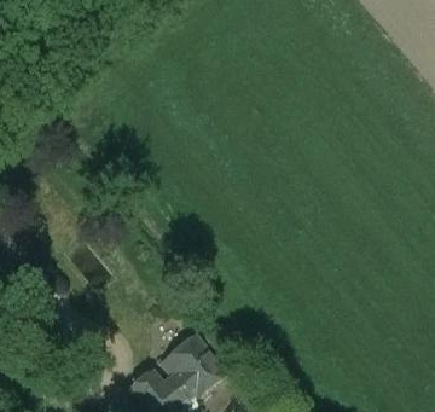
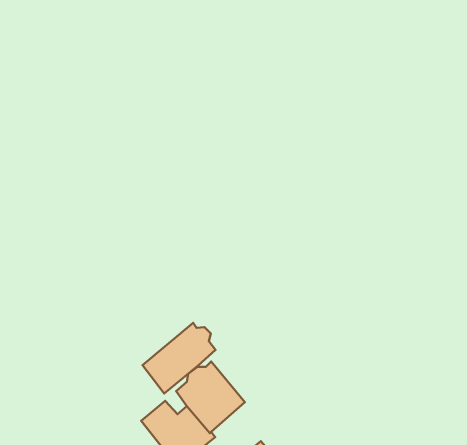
building: none -> [143,323,215,394]

